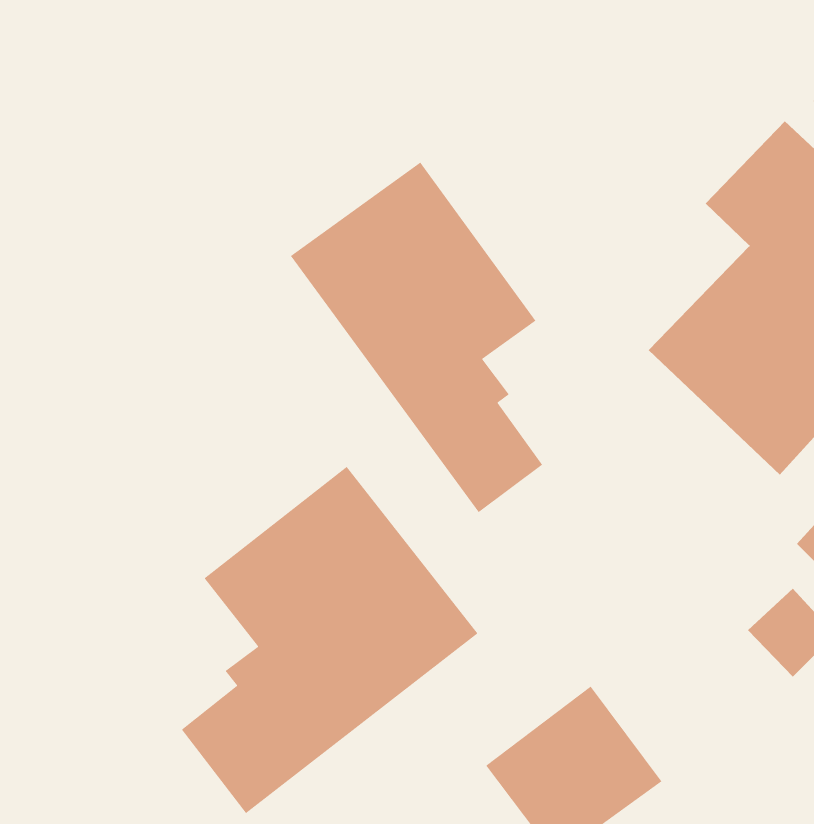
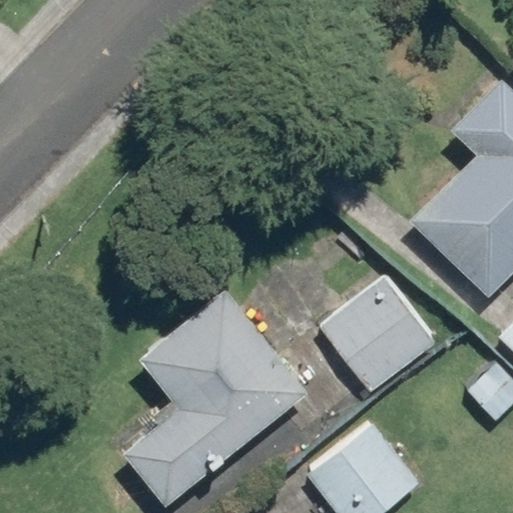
building: [290,162,543,513] -> none
building: none -> [329,277,440,388]

